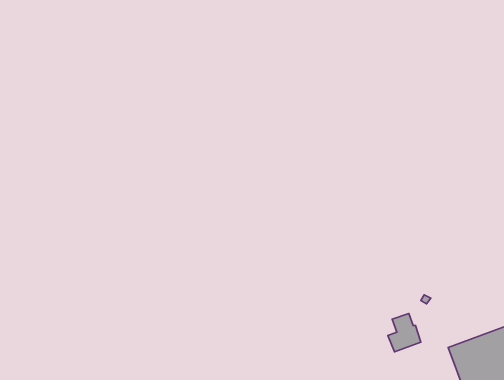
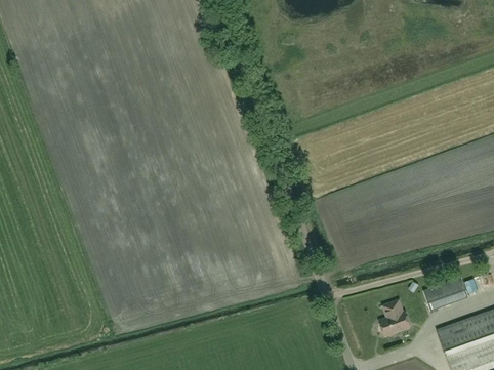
building: none -> [424,277,470,310]

